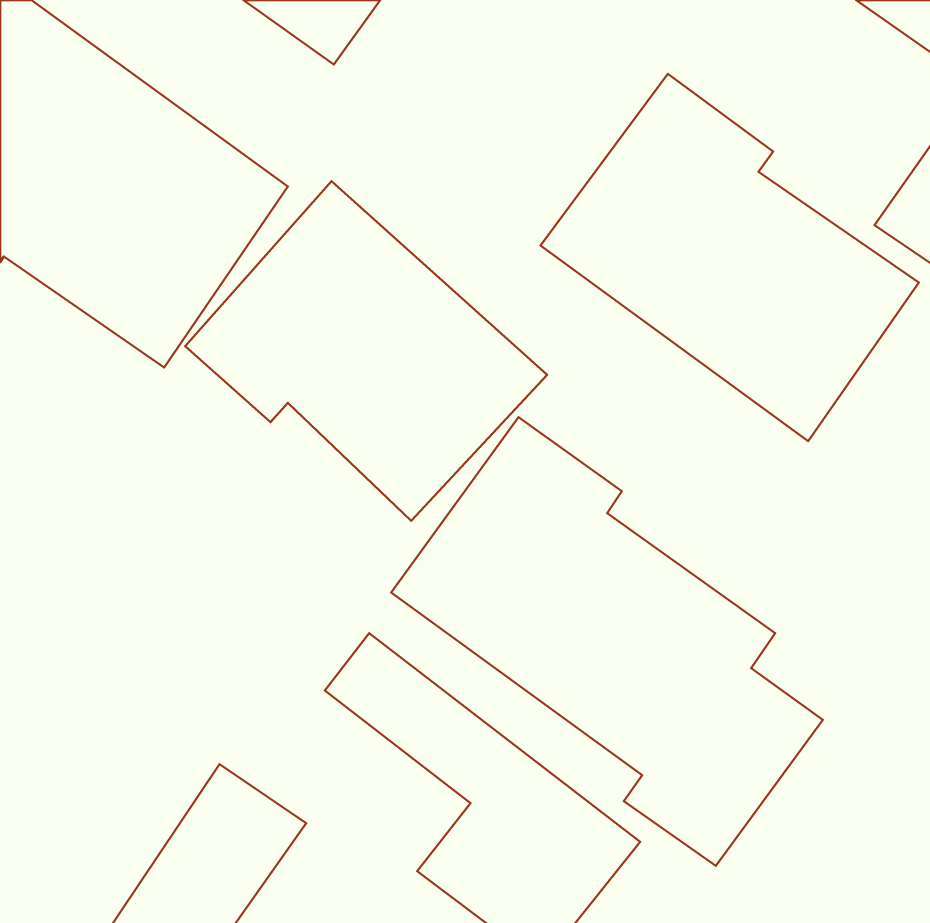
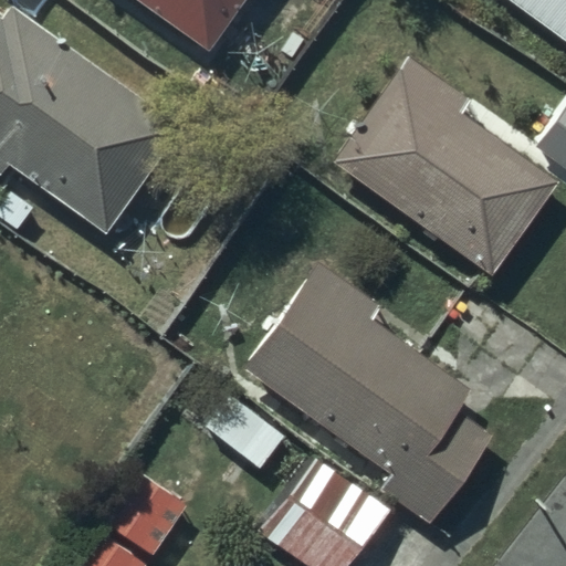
building: [185,181,547,521] -> none

